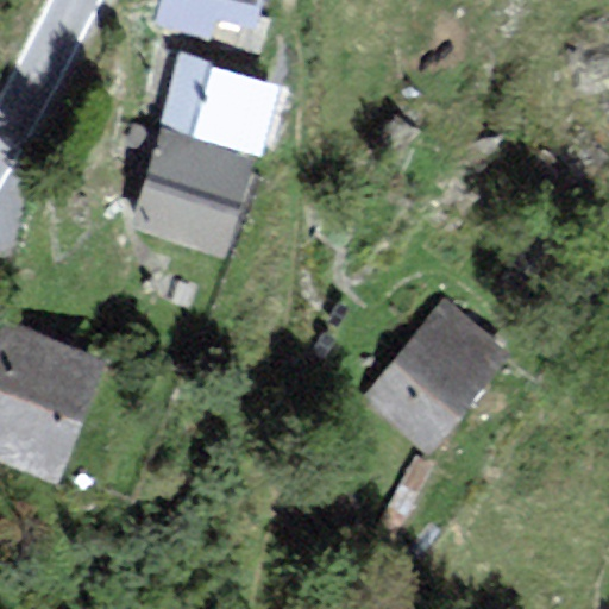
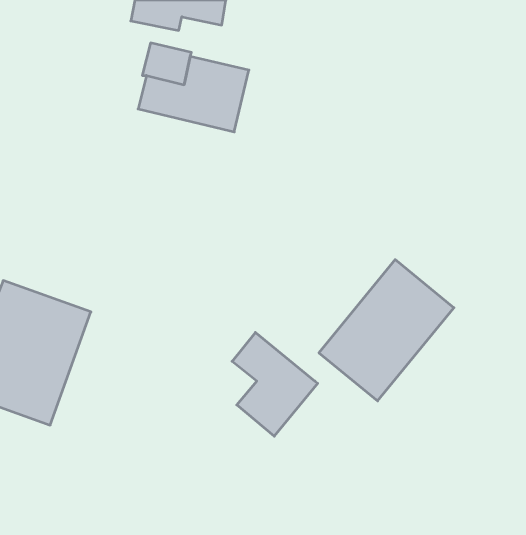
building: [121,121,262,257] -> none
building: none -> [232,332,318,436]

